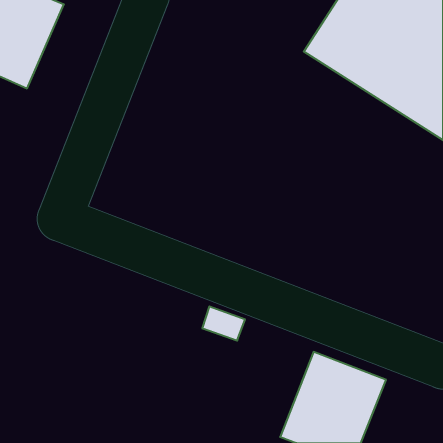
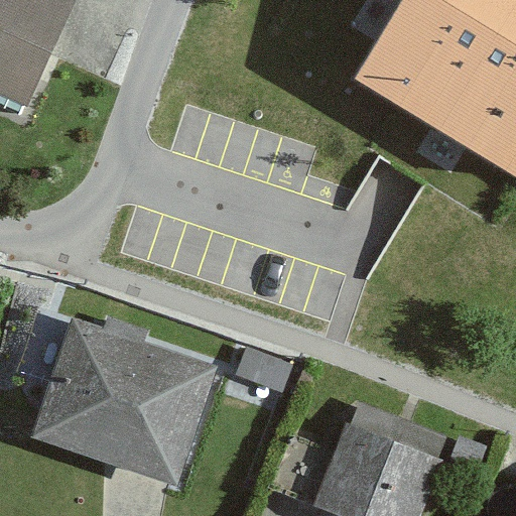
building: none -> [39,327,216,486]

